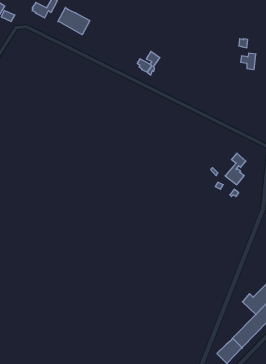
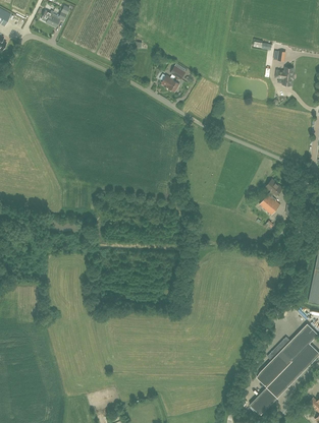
building: [58,7,90,35] -> none
building: none -> [256,346,293,386]

